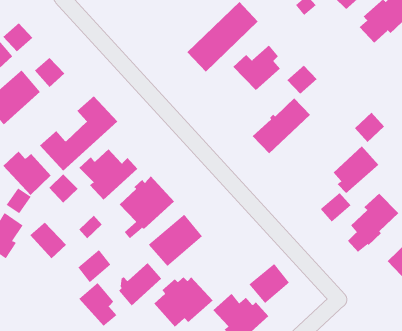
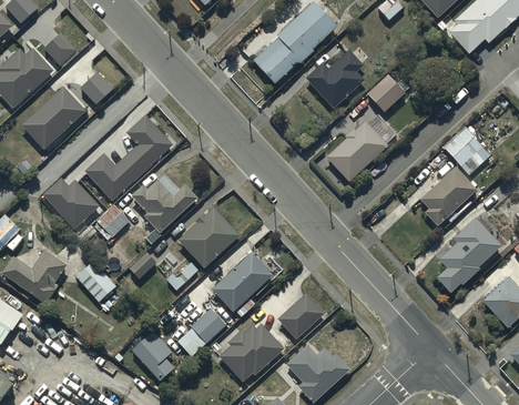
building: [6,187,31,214] -> none
building: [320,192,351,222] -> none
building: [77,249,111,283] -> none
building: [248,263,290,304] -> [276,291,324,337]

